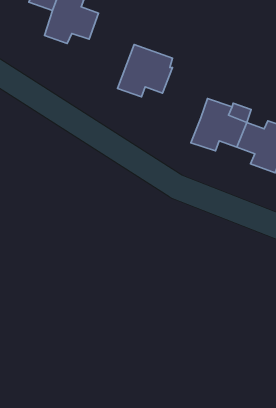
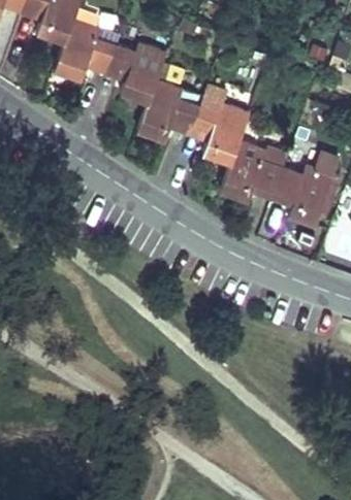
building: none -> [105,44,166,102]
building: none -> [188,86,249,163]

